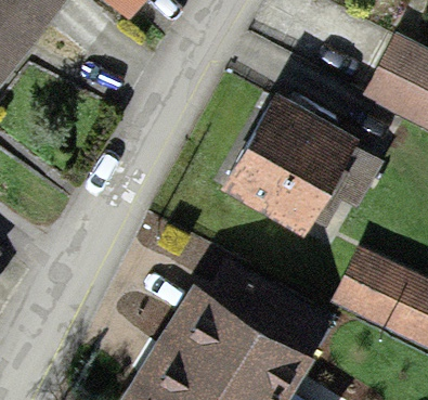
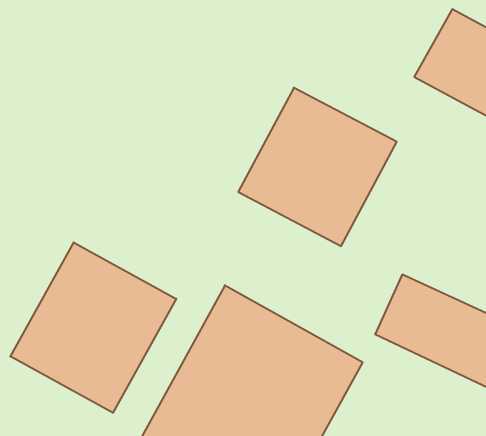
building: none -> [10,242,176,413]

